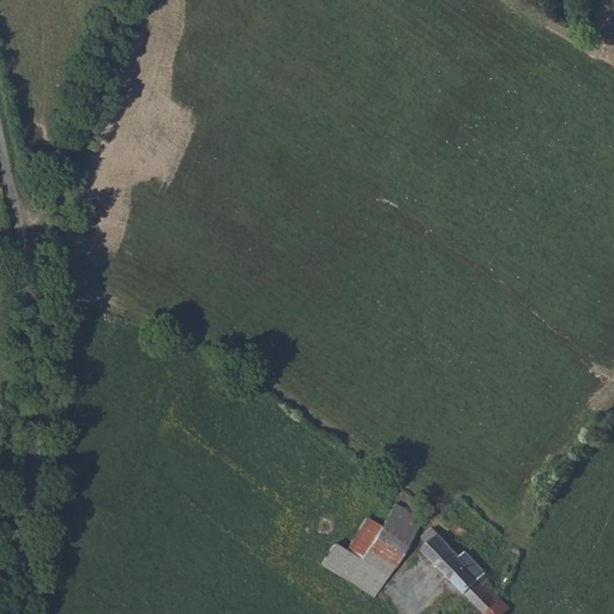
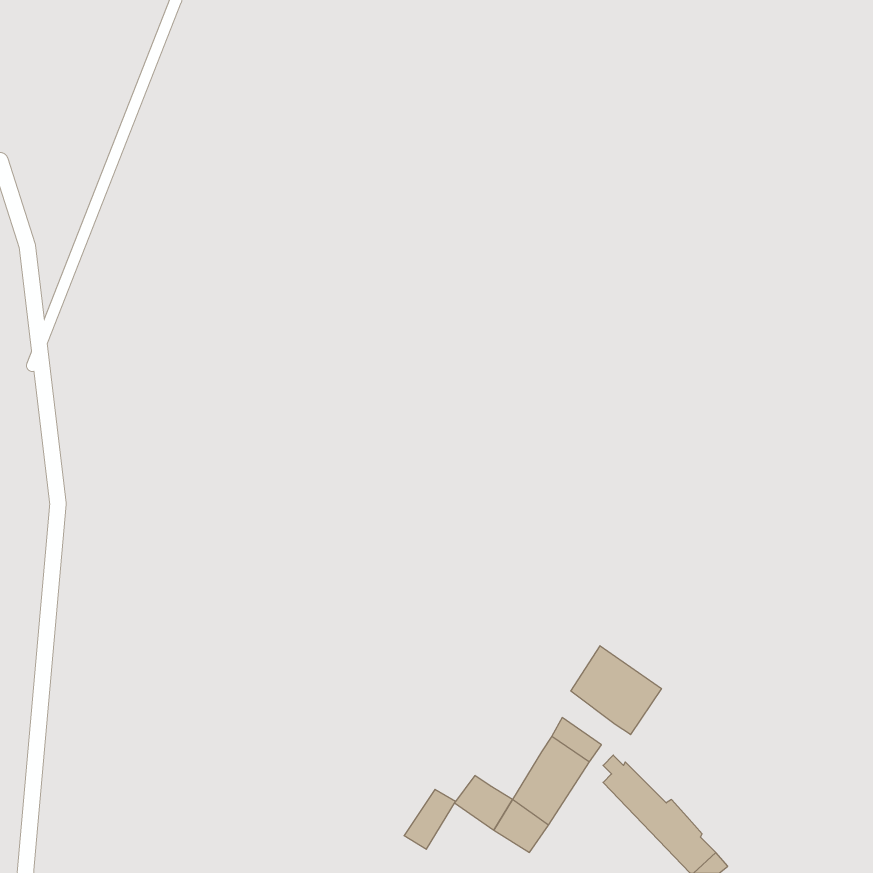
building: none -> [571,646,661,735]
building: [344,519,380,561] -> [404,789,455,849]

